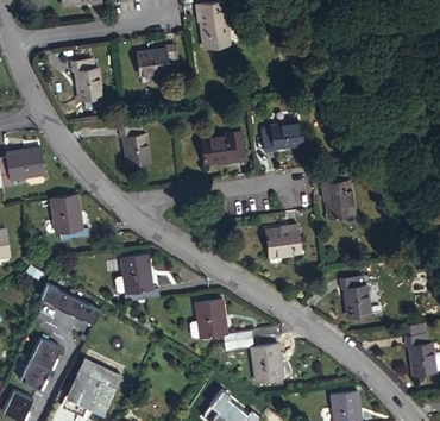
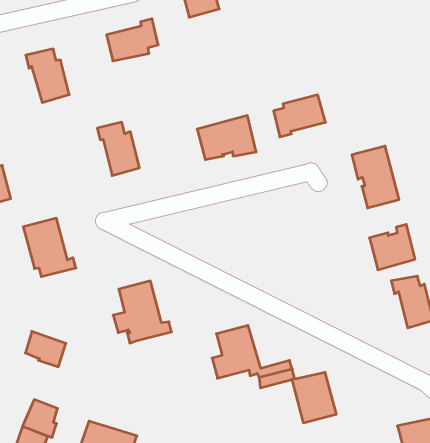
building: [266,224,301,257] -> [369,224,415,270]
building: [65,296,101,326] -> none

